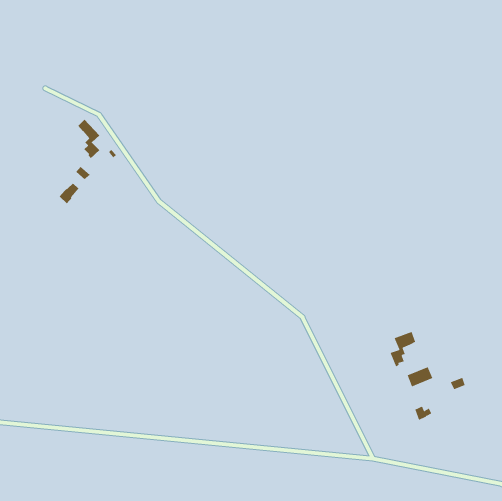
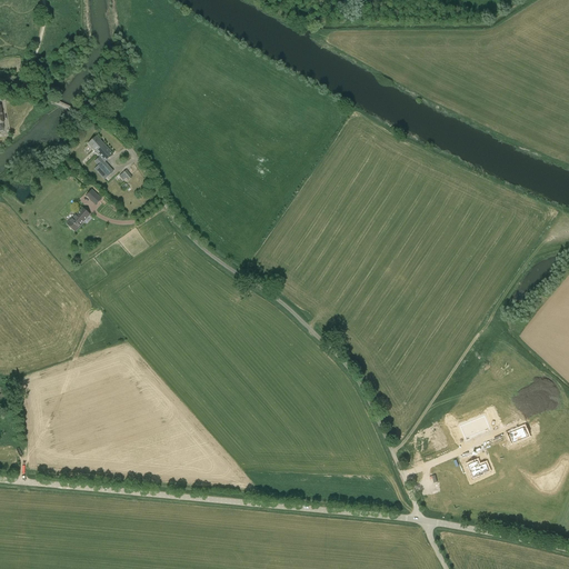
building: [390,331,416,367] -> none

